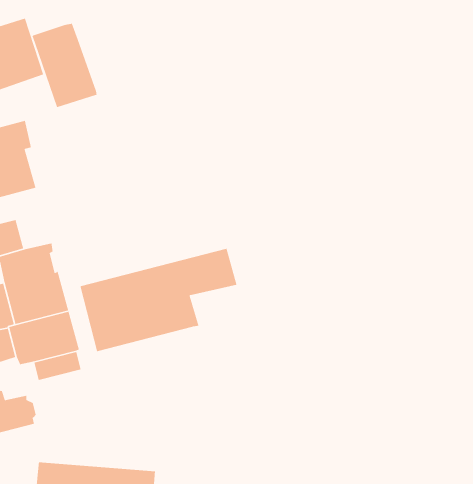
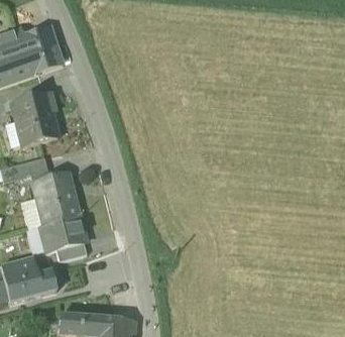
building: [32,23,97,108] -> none
building: [80,248,237,352] -> none

